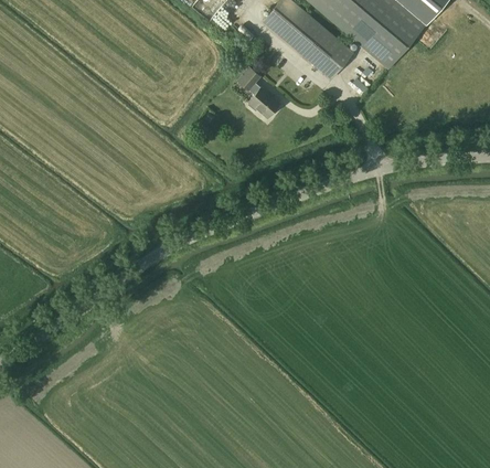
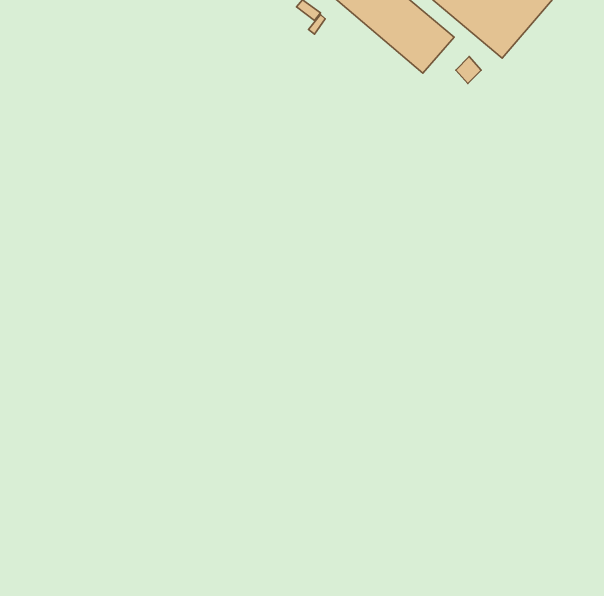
building: [237,66,279,117] -> none

